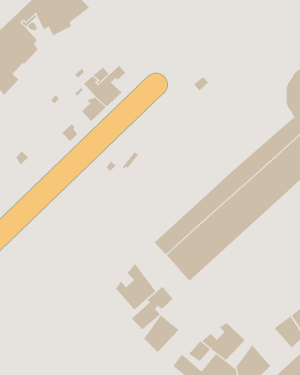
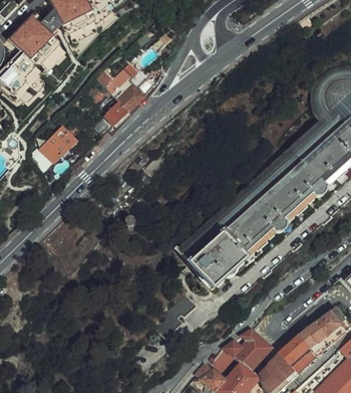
building: none -> [39,128,76,163]
building: [116,263,156,311] -> none
building: [143,314,179,353] -> none
building: none -> [277,337,317,376]

